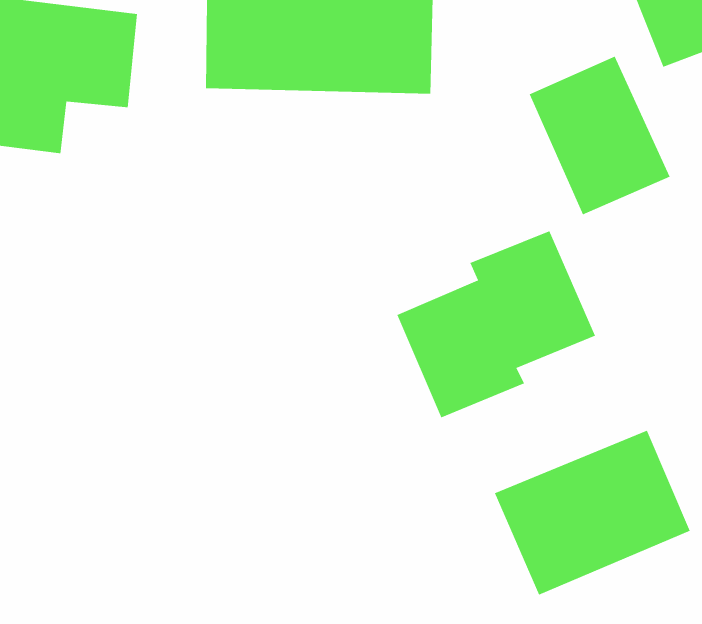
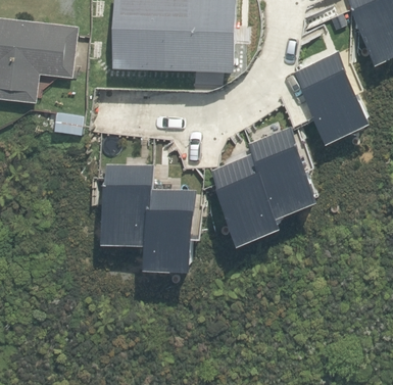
building: none -> [99,164,195,270]
building: [494,430,690,596] -> none

